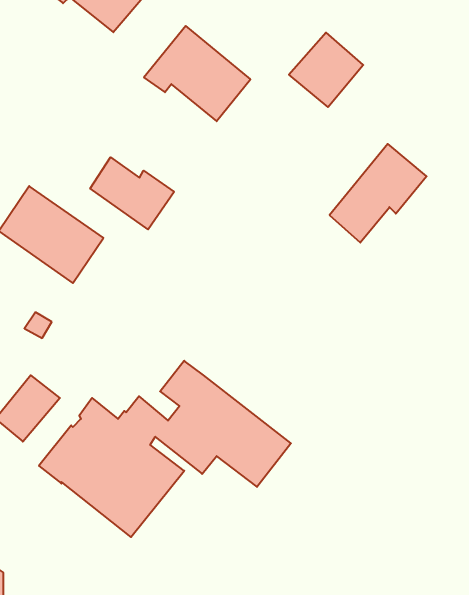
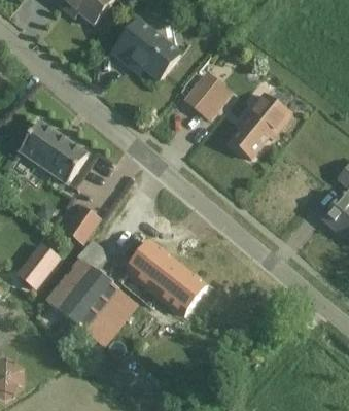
building: [289,33,363,107] -> [184,73,232,121]
building: [90,157,174,229] -> none
building: none -> [65,205,99,242]

